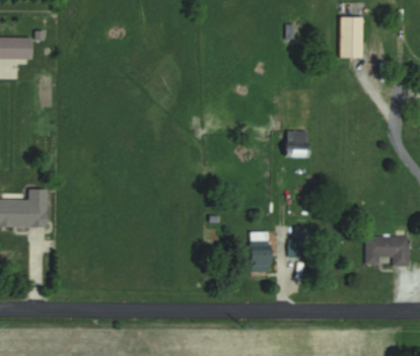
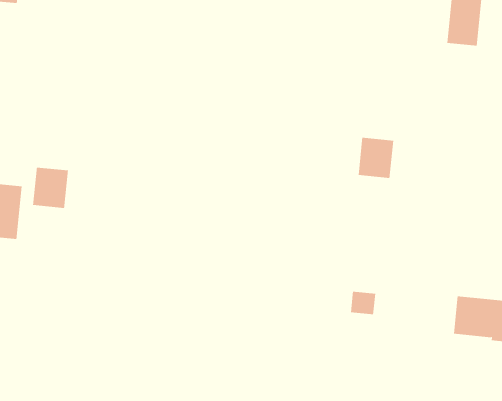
building: none -> [33,167,68,209]
building: [250,230,271,271] -> none

